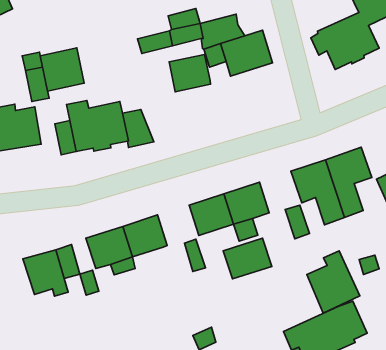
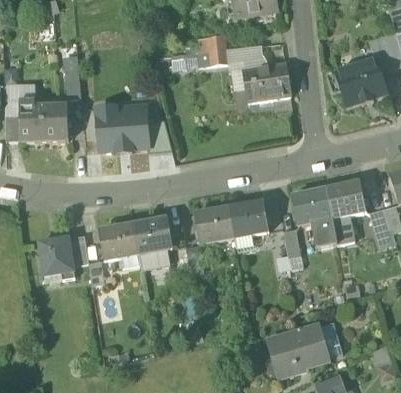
building: [40,48,84,91] -> none
building: [169,54,211,92] -> none
building: [223,238,272,279] -> none
building: none -> [137,247,169,269]
building: [307,251,360,313] -> none

